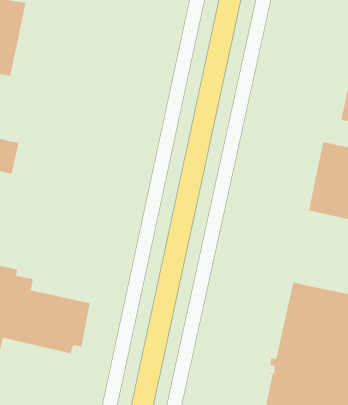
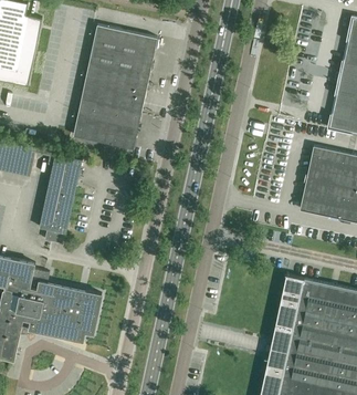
building: none -> [73,25,157,149]
building: none -> [40,152,83,245]

